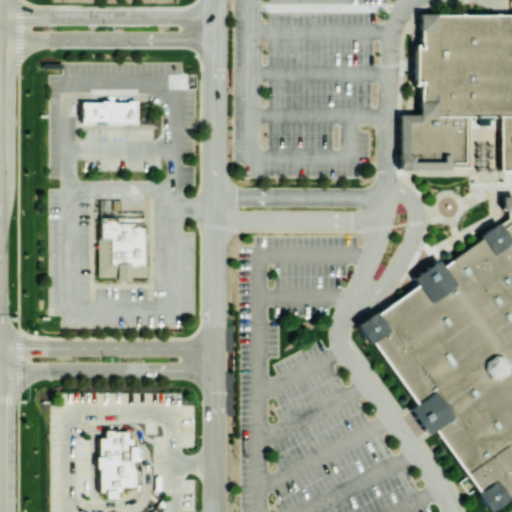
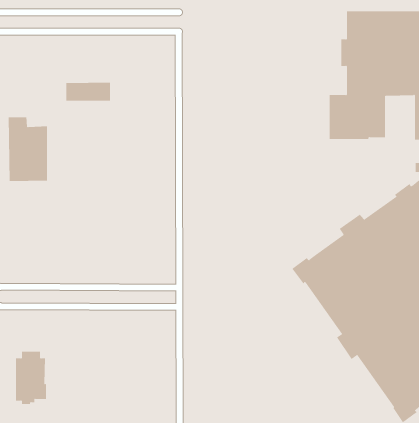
building: [102,200,150,278] -> [8,117,48,182]
building: [101,430,139,494] -> [15,351,47,404]

